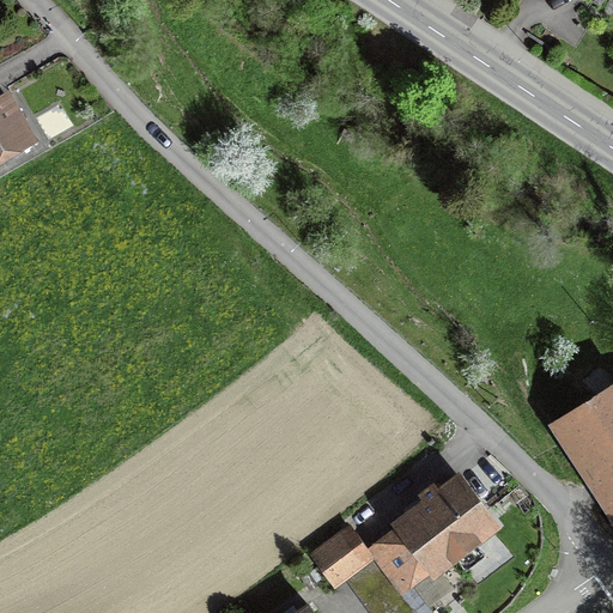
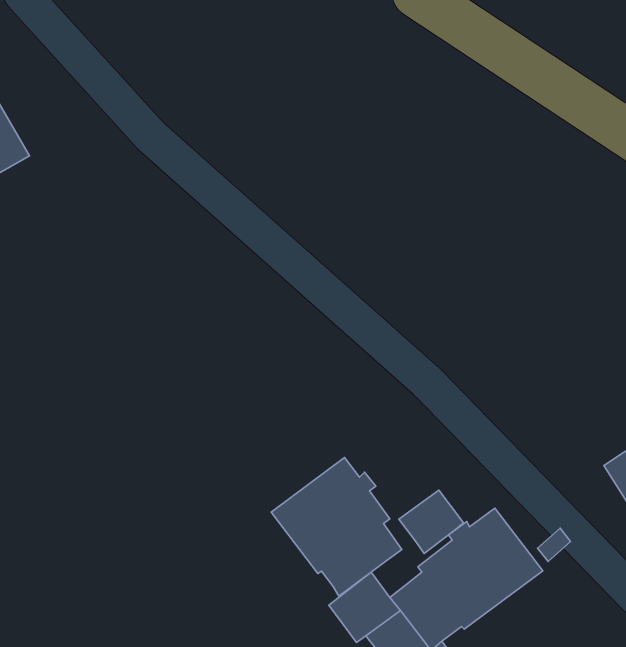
building: none -> [271,458,402,596]
building: none -> [399,490,464,553]

